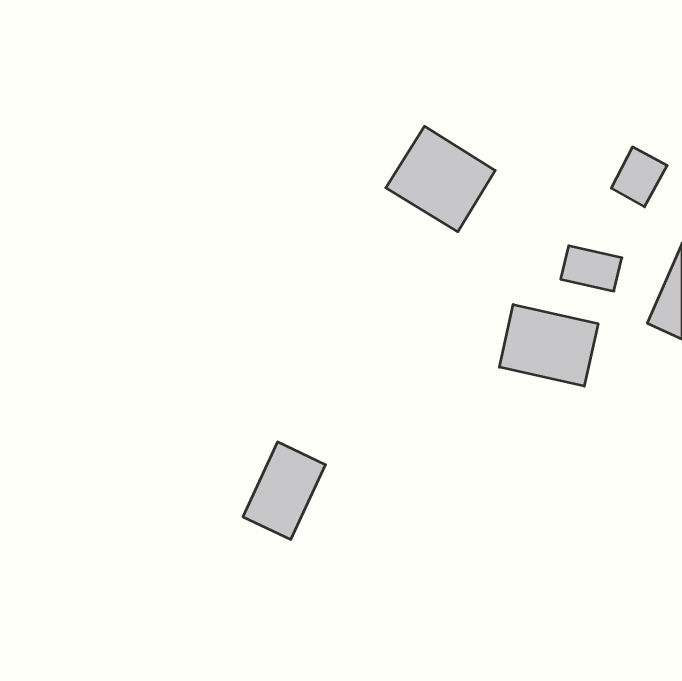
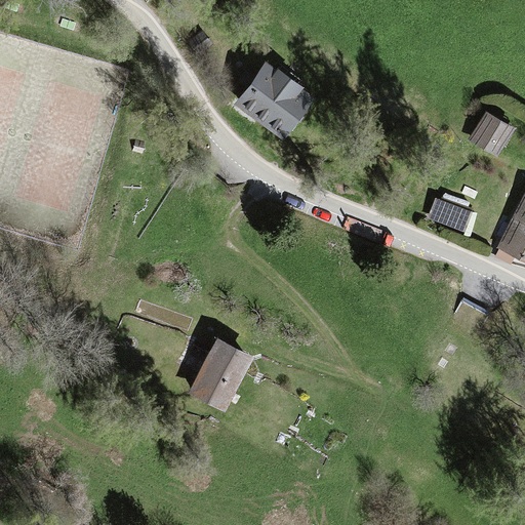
building: [386,126,495,232] -> [234,59,318,140]
building: [499,304,598,386] -> none

